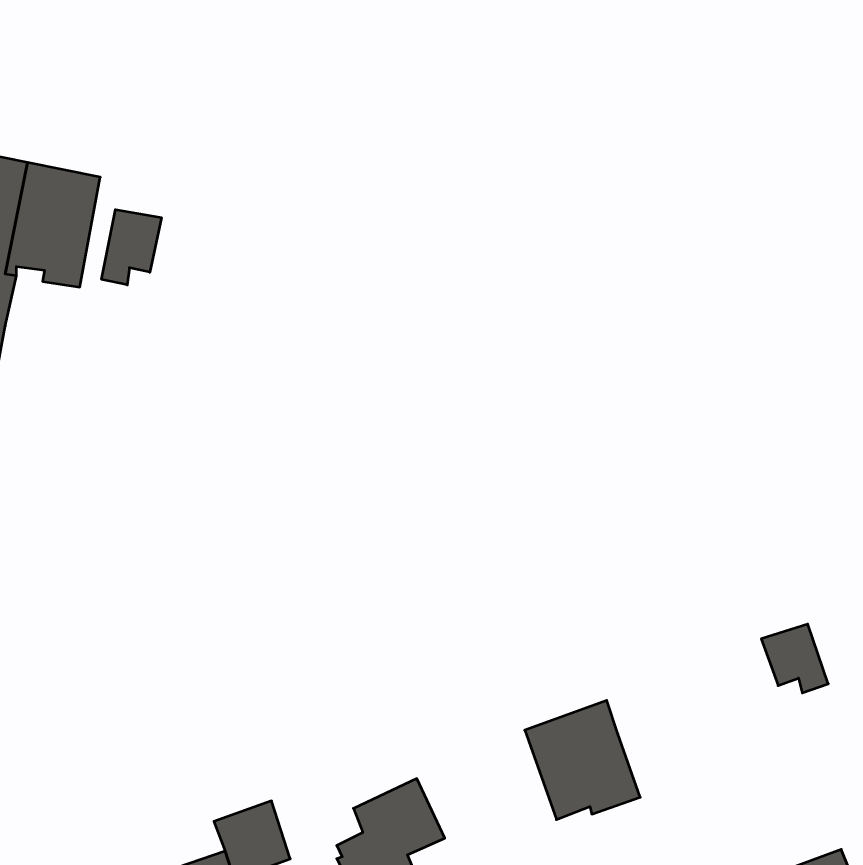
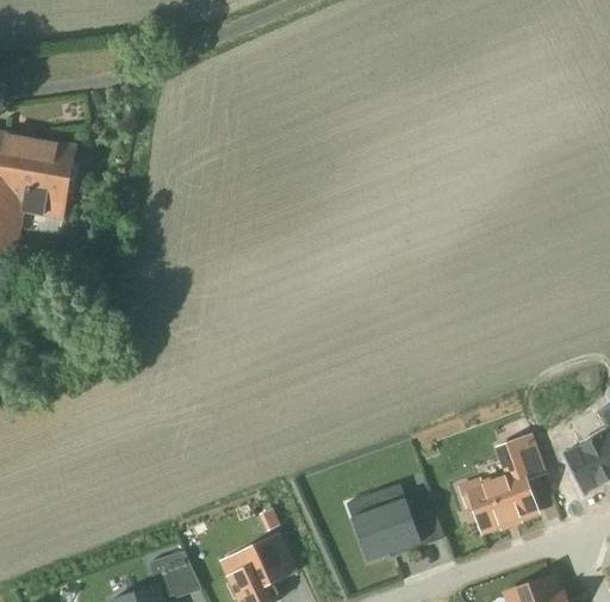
building: [102,210,161,285] -> none
building: none -> [466,470,537,533]
building: none -> [406,497,442,546]

